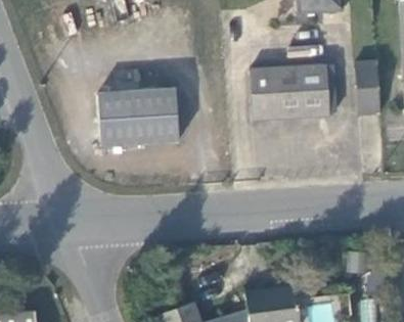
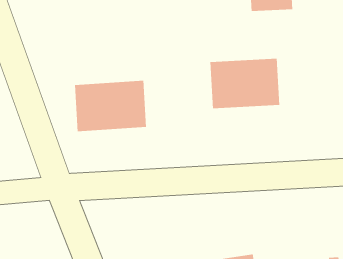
building: [352,61,377,117] -> none

